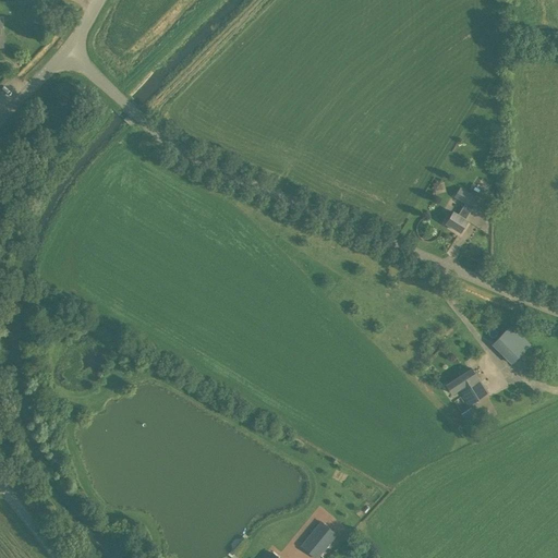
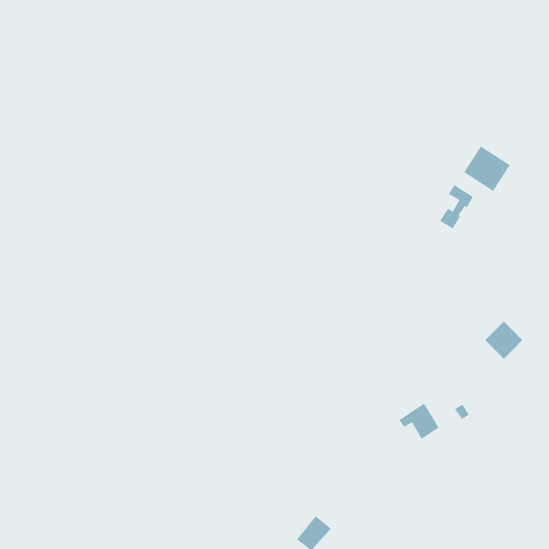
building: none -> [463,146,511,192]
building: [445,369,486,407] -> [399,403,440,439]

